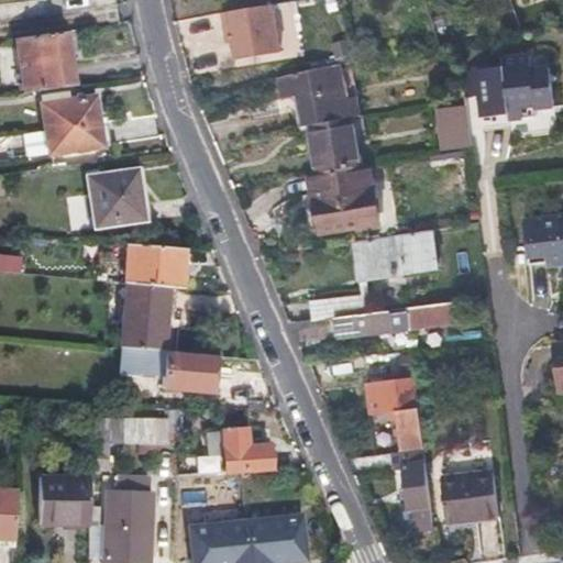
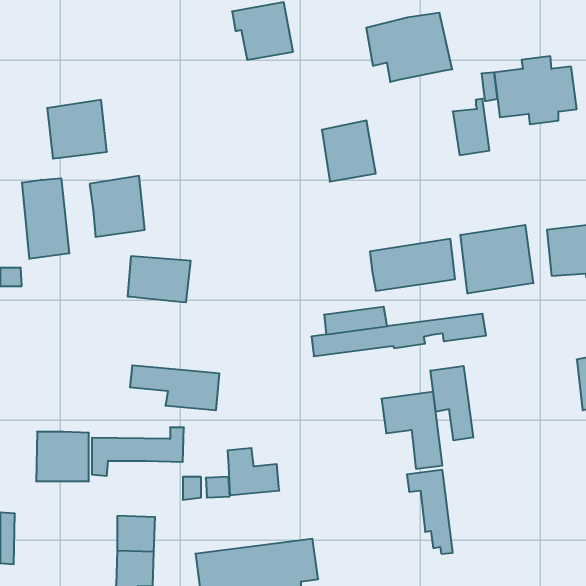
building: [16,32,71,95] -> none
building: [277,62,360,128] -> [366,13,452,82]
building: [308,166,379,234] -> none
building: none -> [22,178,69,259]
building: none -> [461,225,533,294]
building: [121,285,168,354] -> none
building: none -> [430,366,473,440]
building: [440,474,497,525] -> none
building: [37,478,88,526] -> [36,432,89,481]

